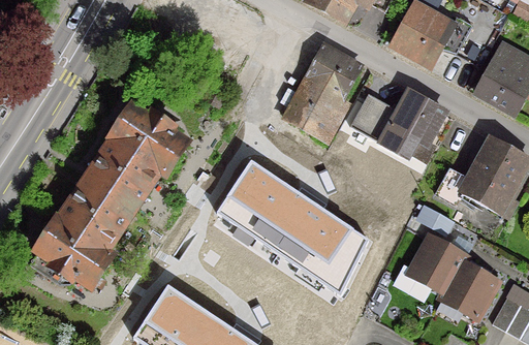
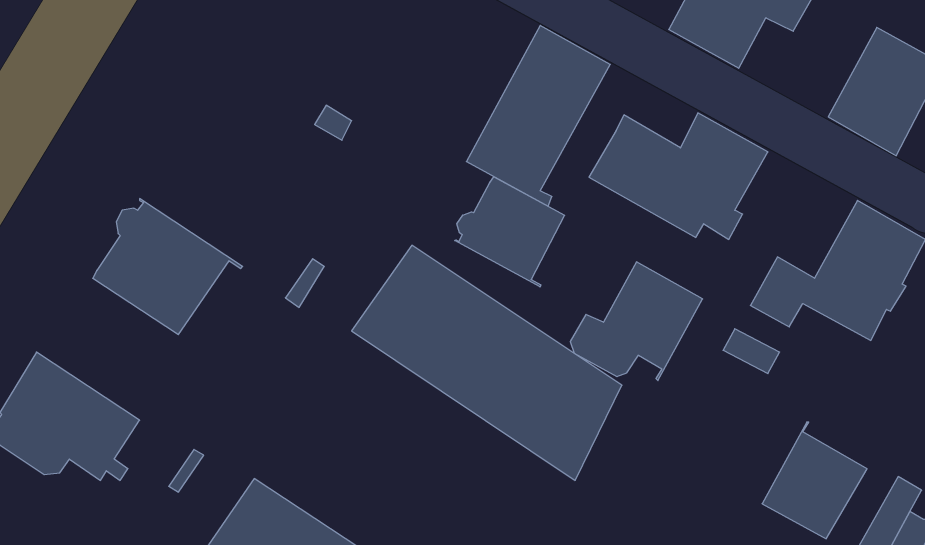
building: [110,106,186,174] -> none
building: none -> [455,177,565,287]
building: [55,180,130,255] -> none
building: [394,237,464,300] -> [570,262,703,381]

